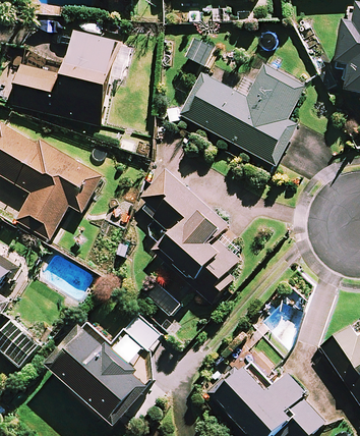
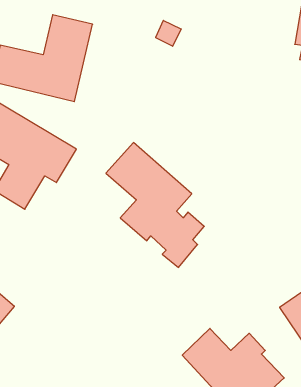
building: [177,66,301,165] -> none
building: [46,315,160,426] -> none

